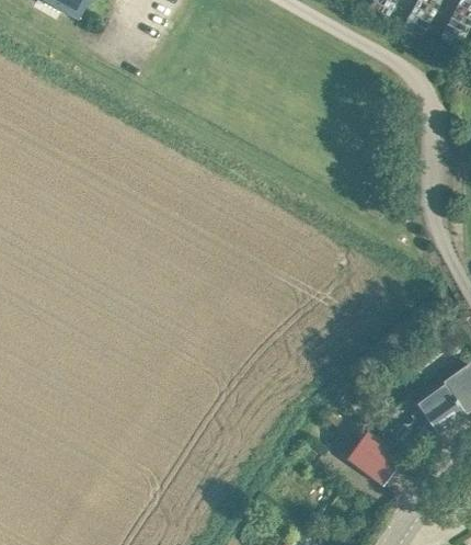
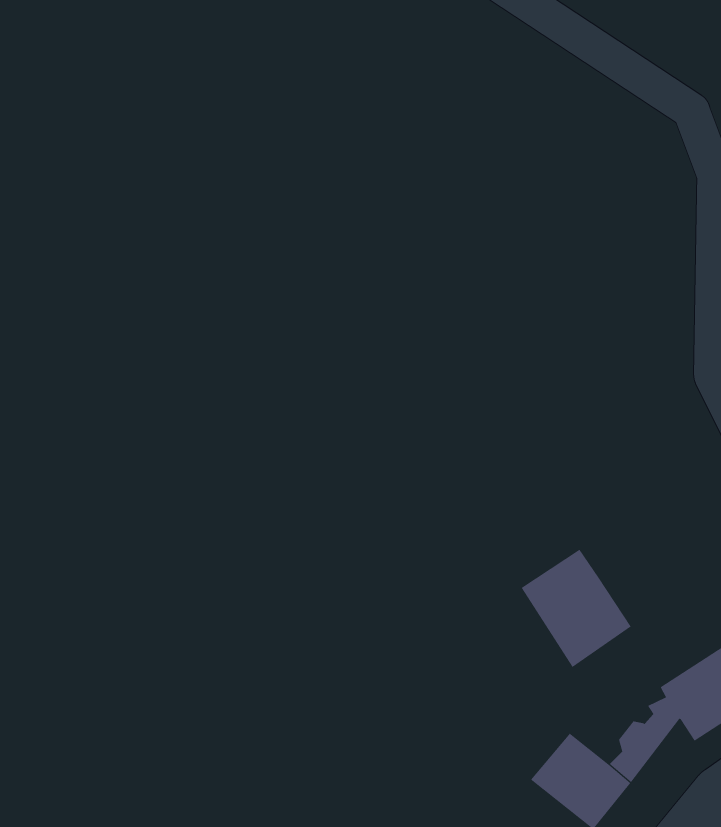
building: none -> [521,549,631,668]

